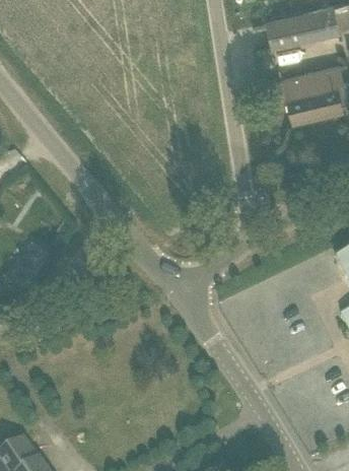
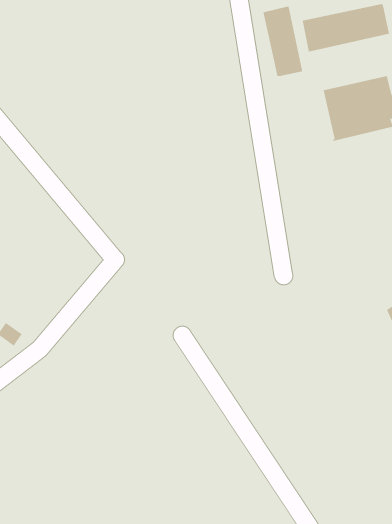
building: none -> [263,6,303,77]

